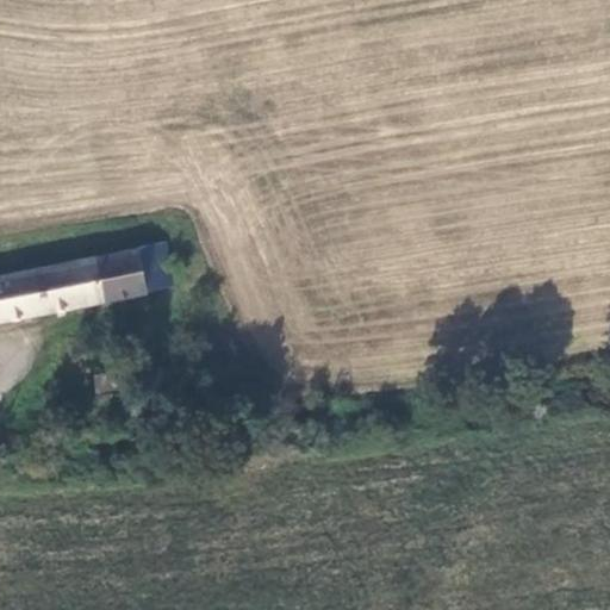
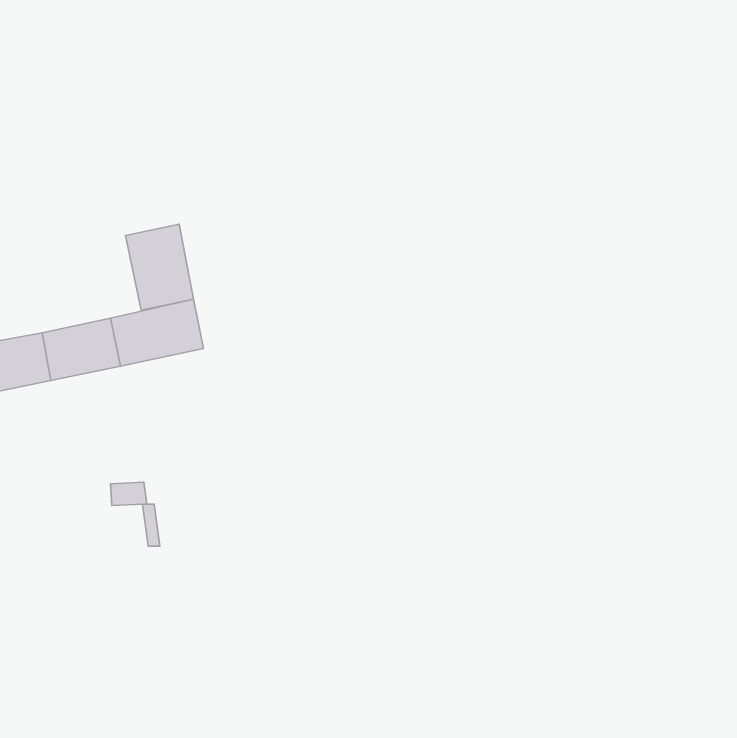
building: none -> [126,224,193,310]

